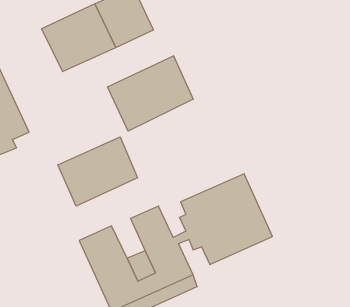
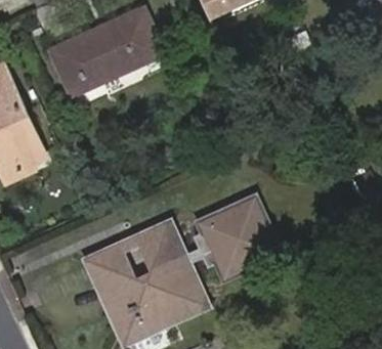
building: [108,56,193,131] -> none
building: [58,137,138,206] -> none

